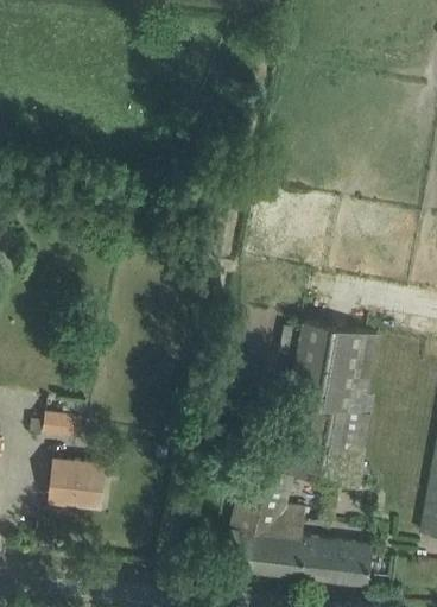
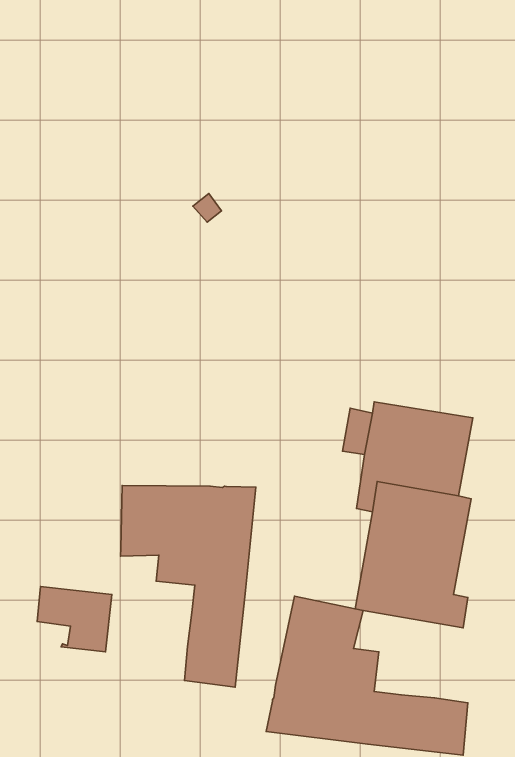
building: none -> [121,485,256,687]
building: [44,412,82,435] -> none

